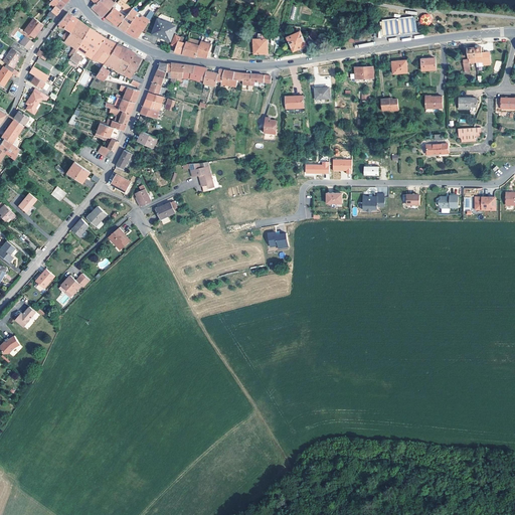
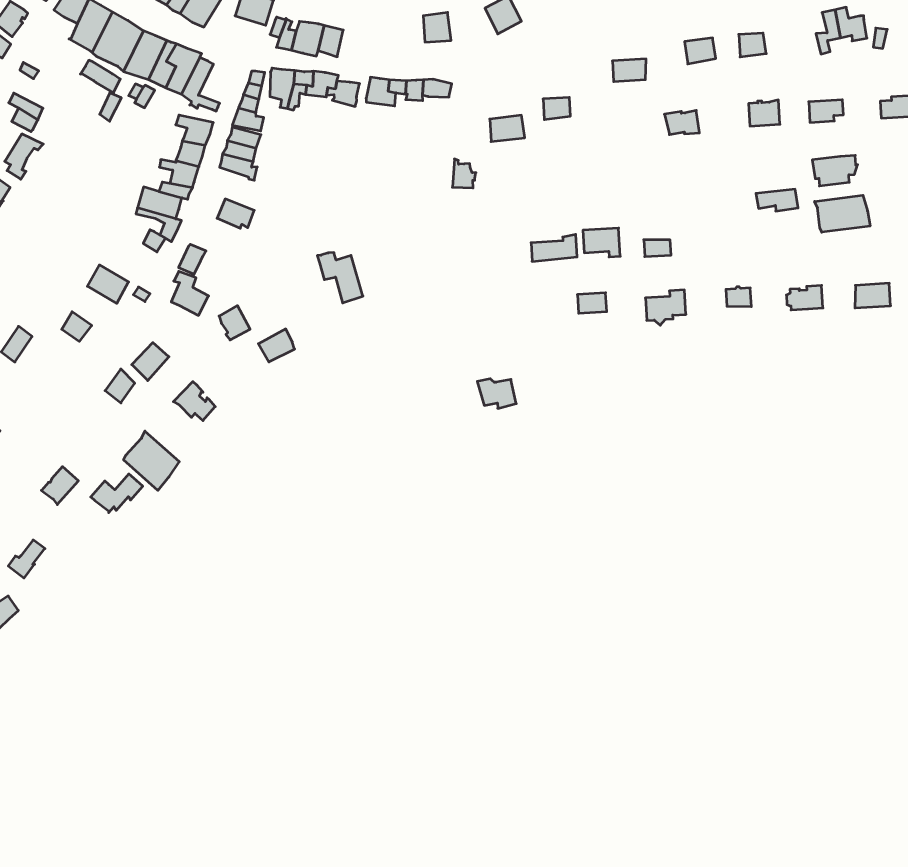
building: none -> [815,195,870,232]
building: none -> [124,431,179,490]

